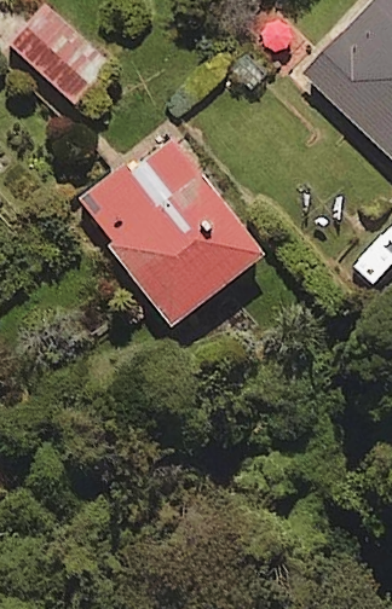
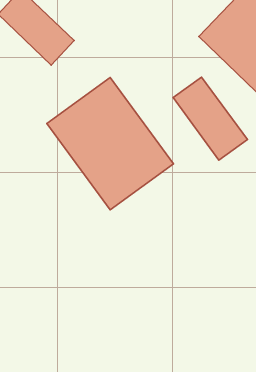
building: none -> [173,77,247,160]

